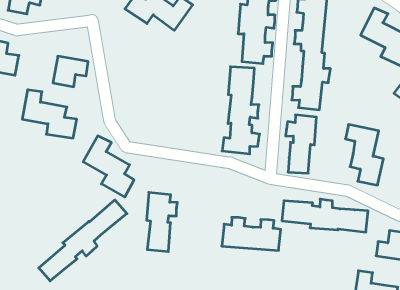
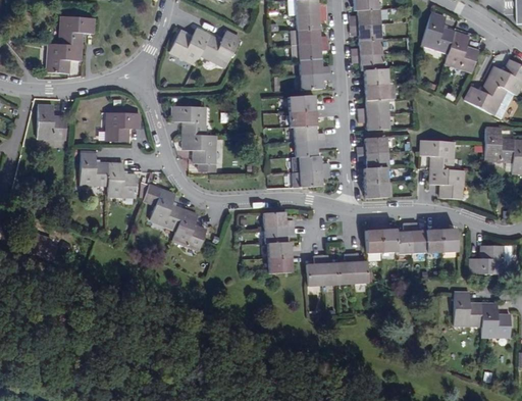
building: none -> [173,106,216,164]
building: [147,192,177,252] -> [263,212,296,273]
building: [39,200,127,281] -> none

